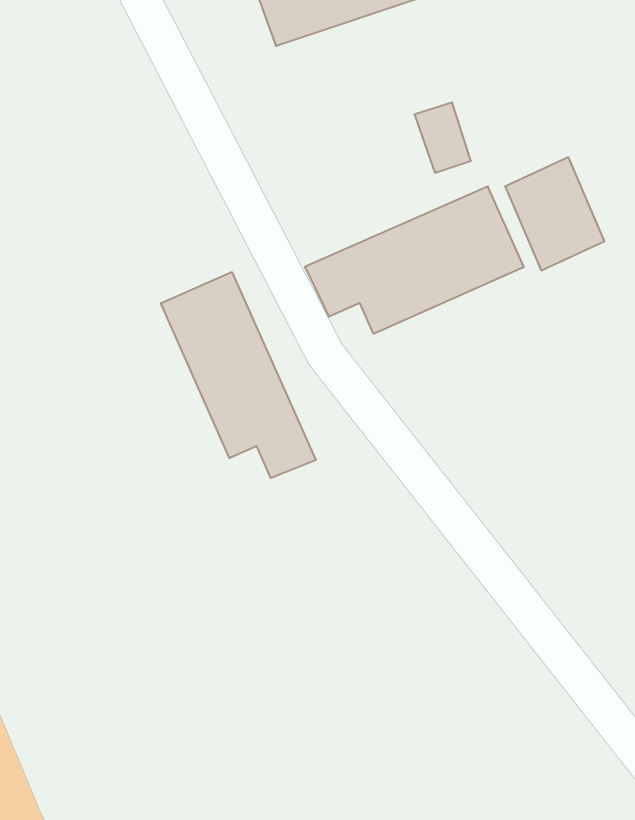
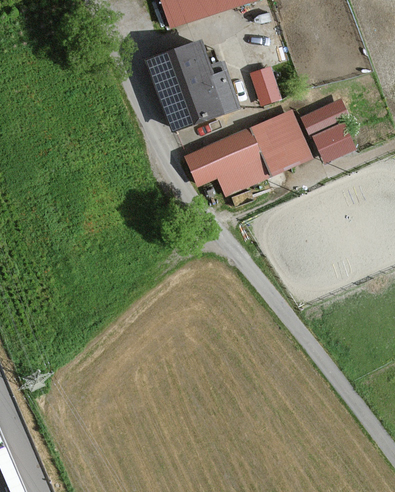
building: none -> [146,42,238,131]
building: [161,272,316,478] -> none

